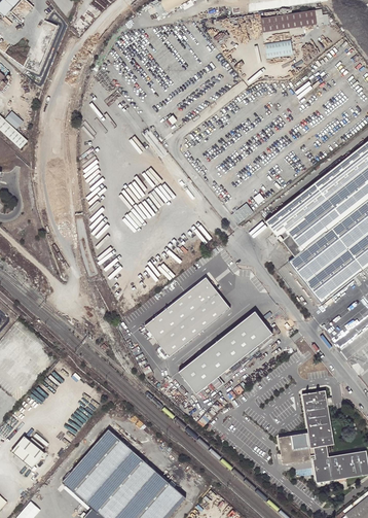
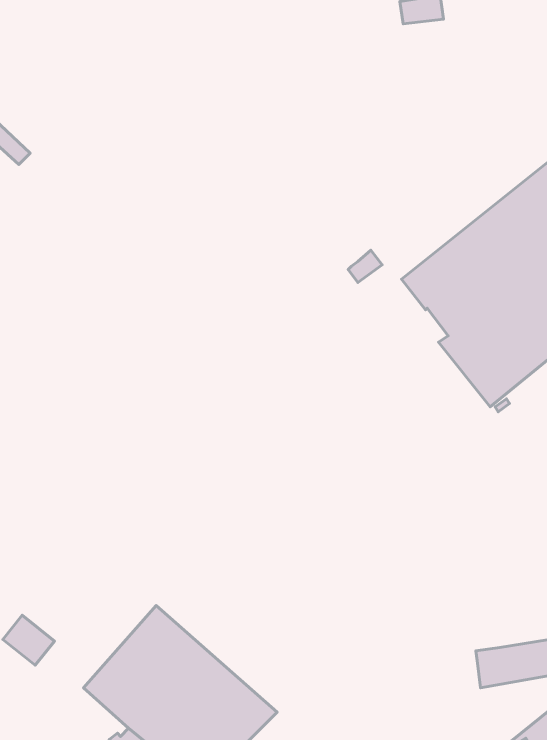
building: [146,276,230,356] -> none
building: [179,311,272,393] -> none
building: [278,390,334,463] -> none

